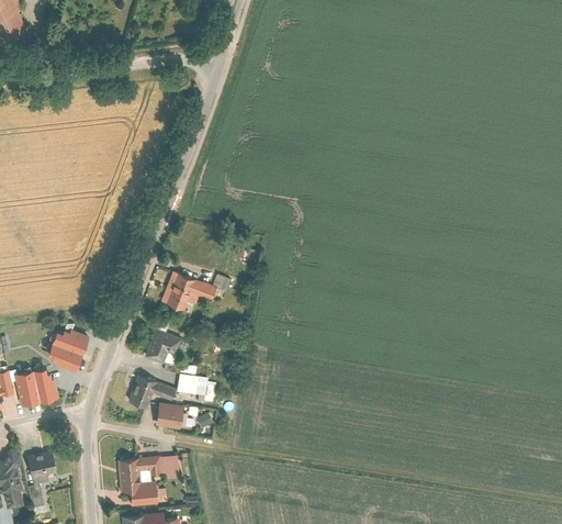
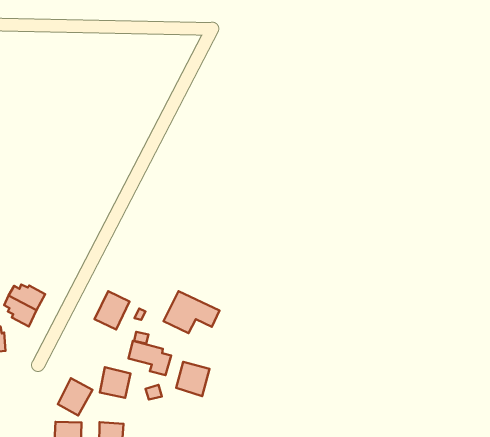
building: [162,271,215,311] -> [164,291,219,333]
building: [125,374,157,409] -> [58,378,92,416]
building: none -> [176,362,210,396]

